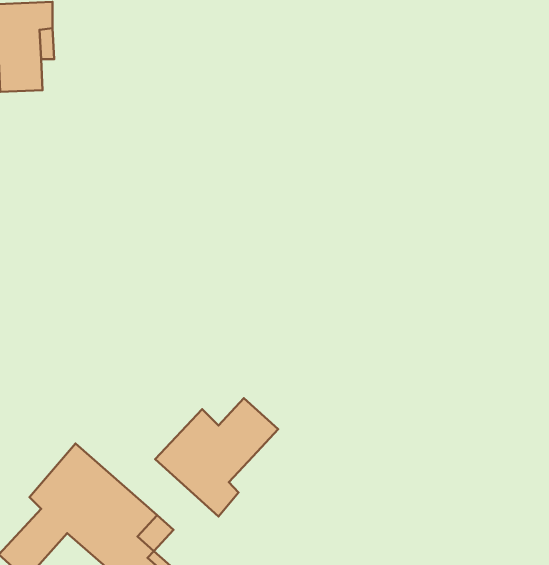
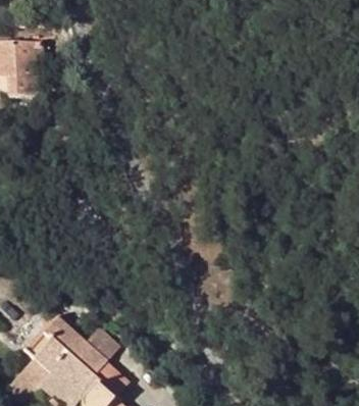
building: [155,398,278,517] -> none

